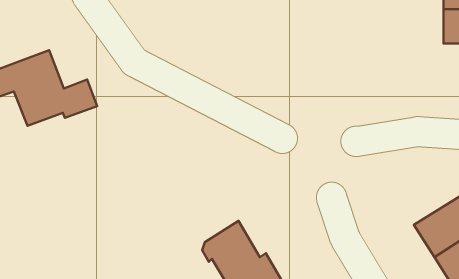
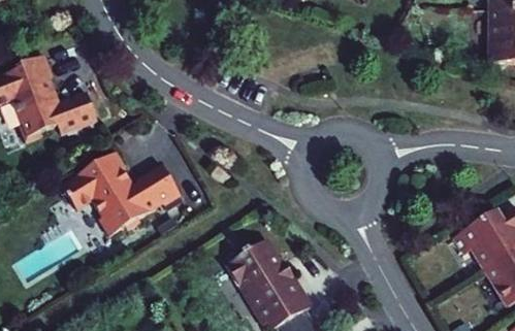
building: none -> [66,150,191,234]

